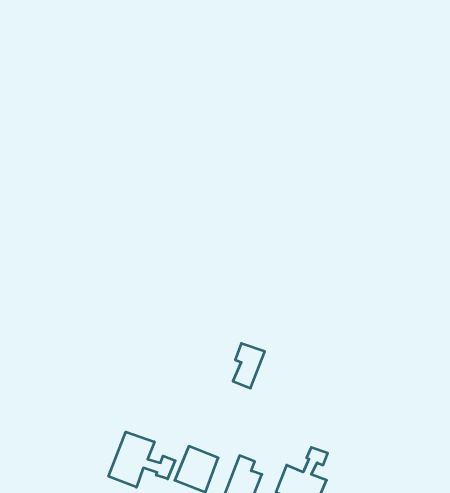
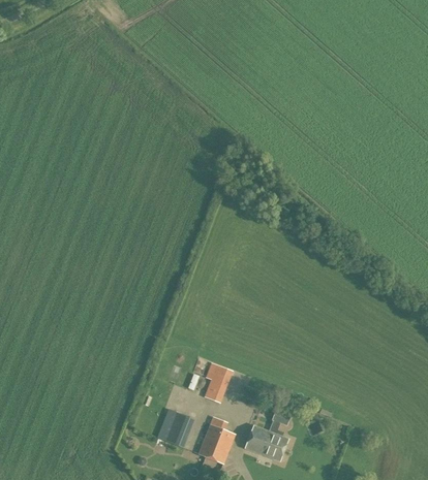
building: [233,343,265,388] -> [204,363,232,403]
building: [109,432,175,487] -> none

